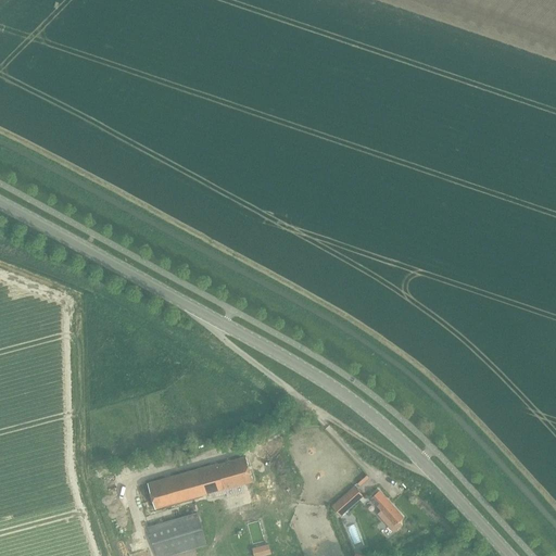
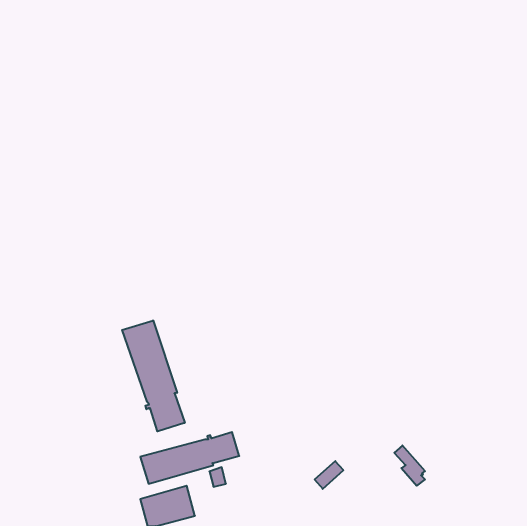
building: none -> [122,320,185,431]
building: [369,489,402,531] -> [394,445,425,486]

